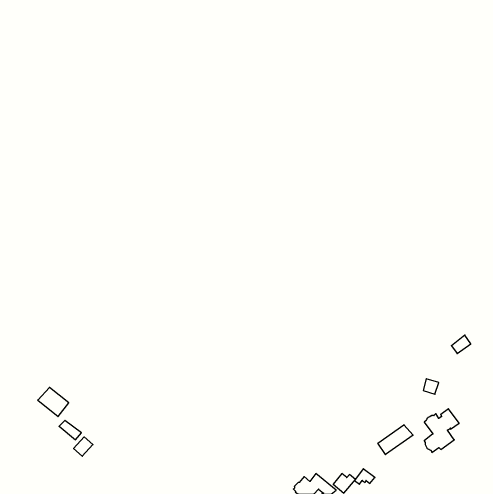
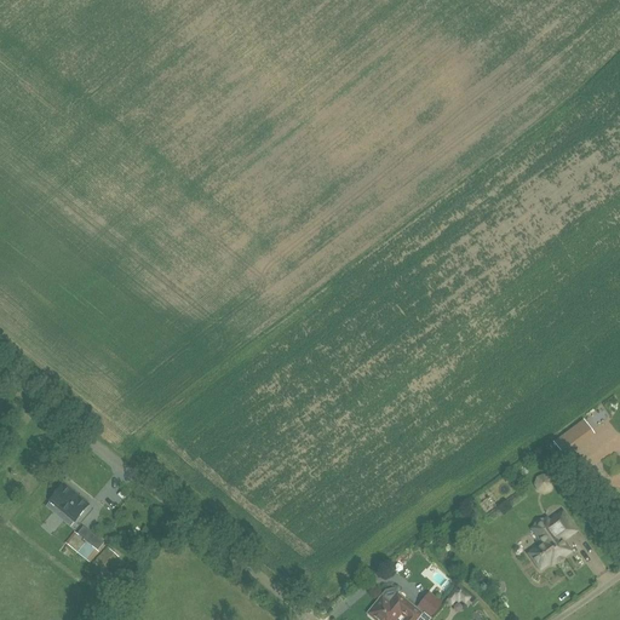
building: [378,425,413,455] -> none

